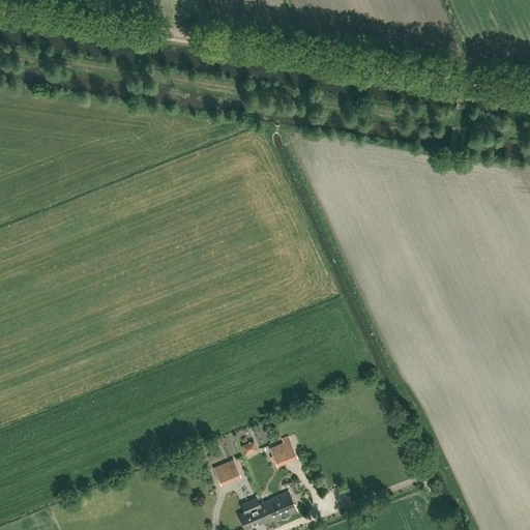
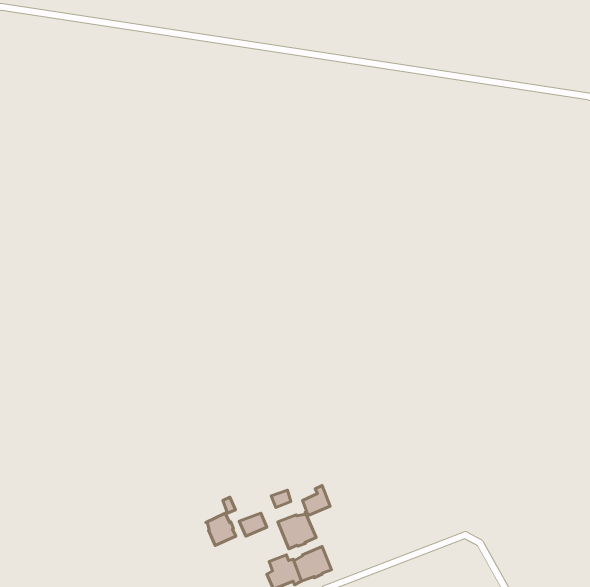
building: none -> [278,512,316,549]
building: none -> [206,513,236,545]

